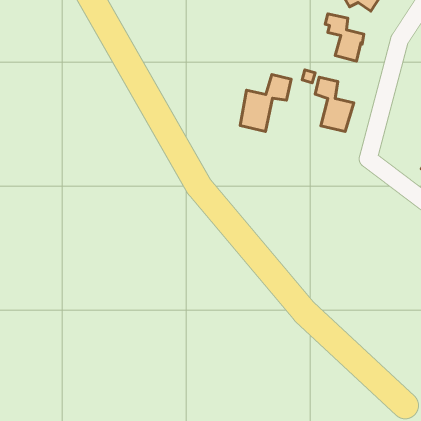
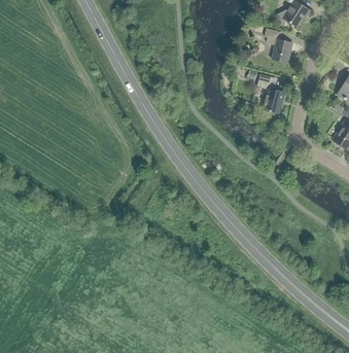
building: [240,74,291,132] -> none

